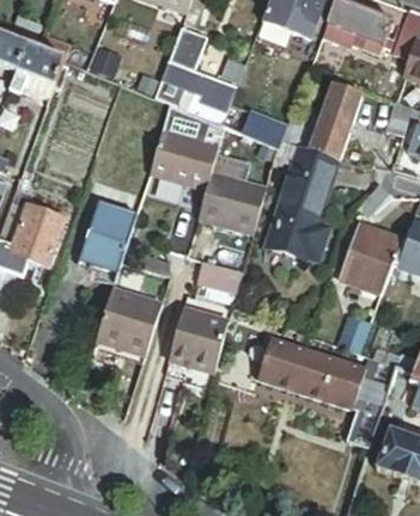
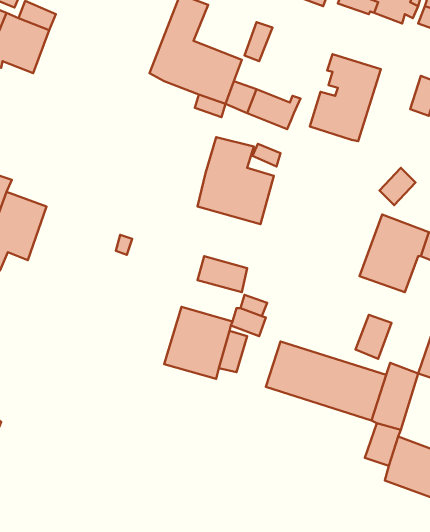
building: [147,131,215,188] -> none
building: [264,145,335,258] -> none
building: [79,203,134,272] -> none
building: [95,288,160,355] -> none

